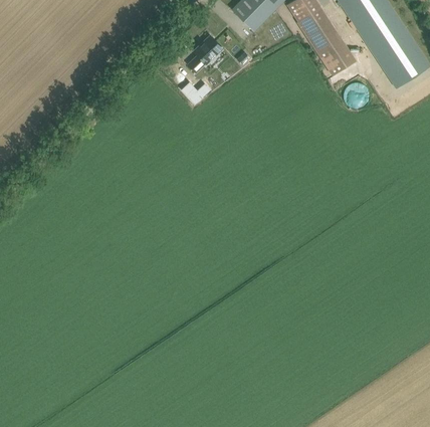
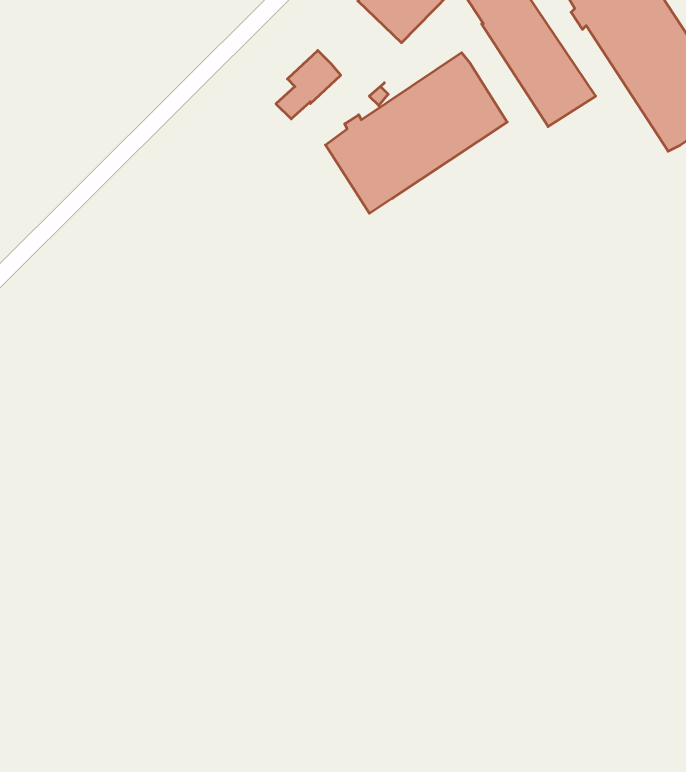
building: none -> [325,53,507,213]

